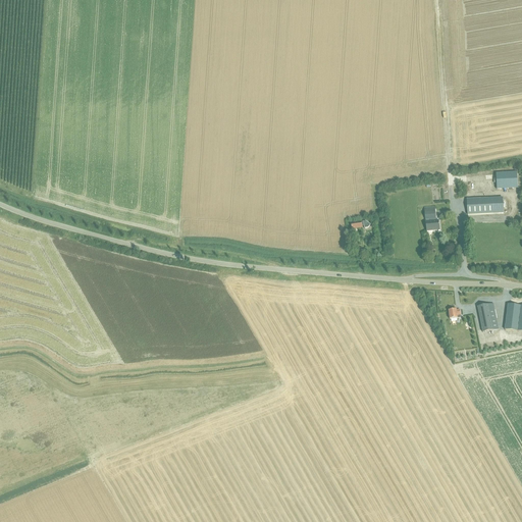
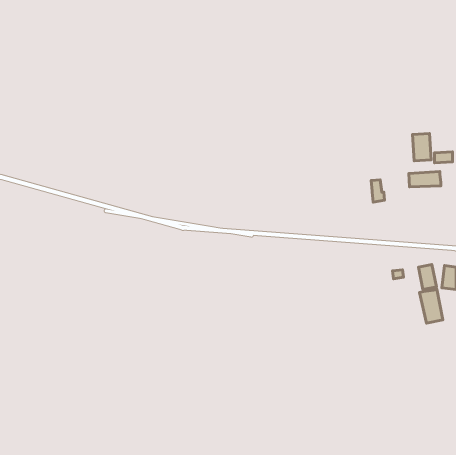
building: none -> [413,133,431,161]
building: none -> [419,289,443,323]

